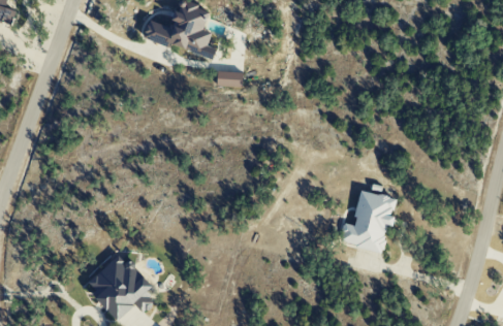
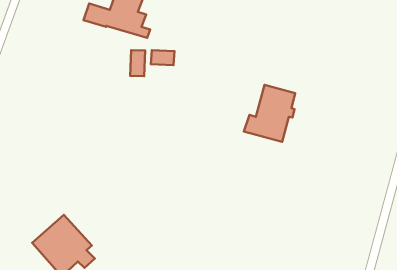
building: none -> [130,50,145,76]
building: [338,189,395,252] -> [244,85,295,142]

